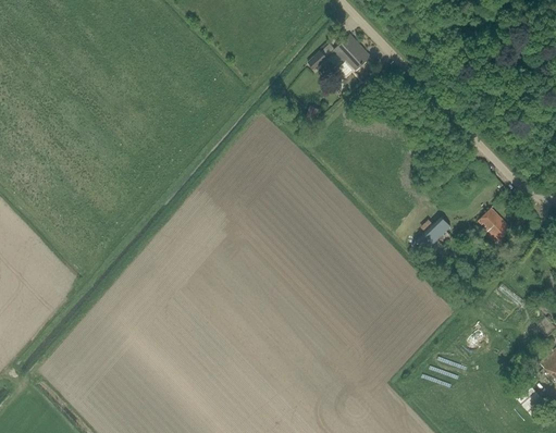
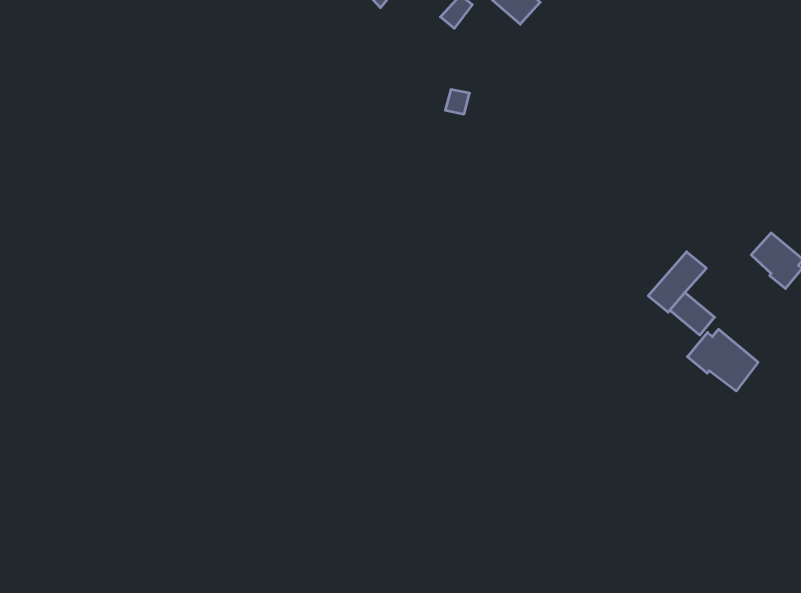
building: none -> [687,329,758,391]

